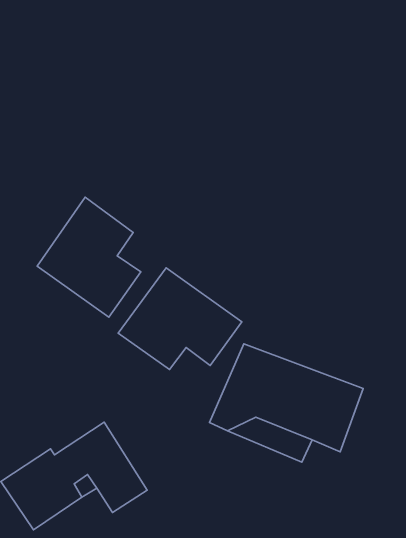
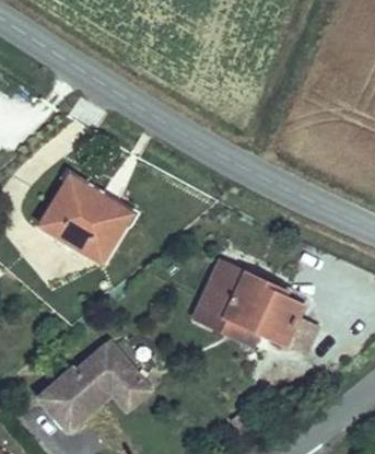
building: [118,268,242,369] -> none

